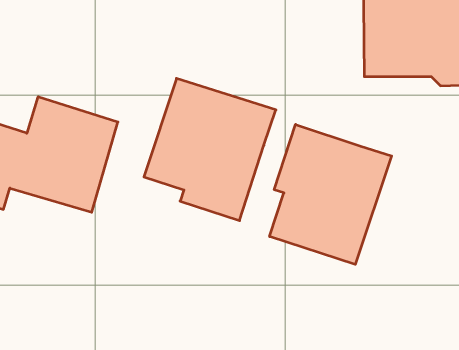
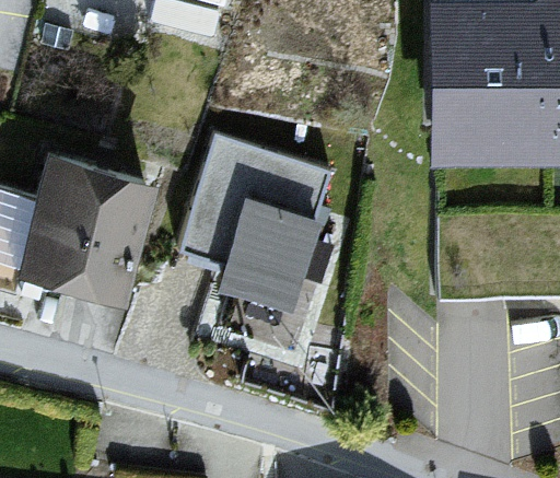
building: [270,124,392,264] -> none

